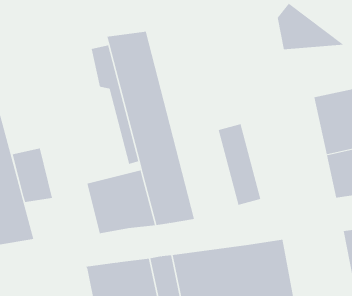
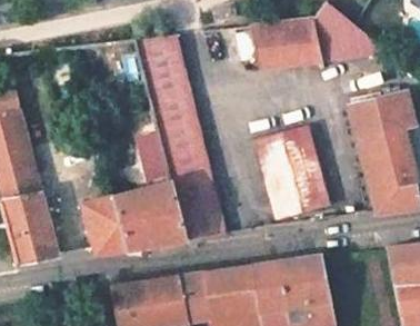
building: none -> [249,20,322,67]
building: none -> [277,126,328,213]
building: [12,148,53,202] -> [83,196,127,254]

